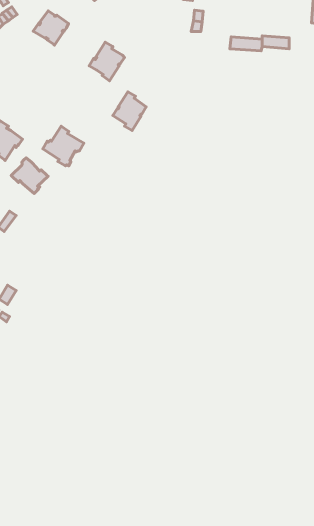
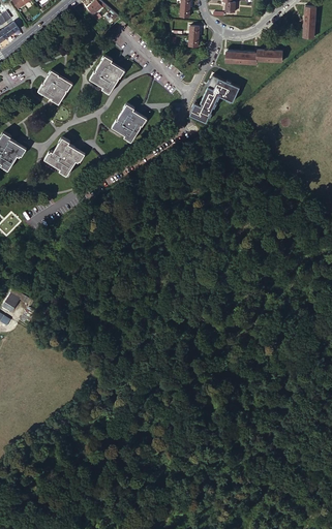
building: [33,11,69,45] -> [37,72,71,105]
building: none -> [187,74,238,123]
building: [11,158,48,194] -> none

